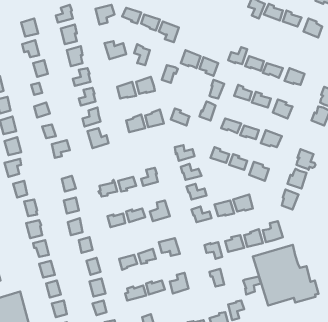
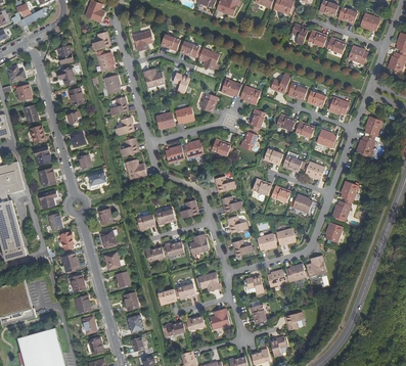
building: [253,245,318,305] -> none

